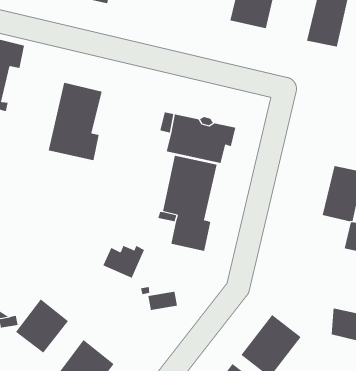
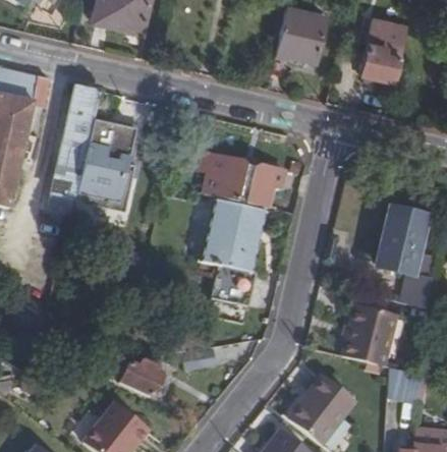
building: none -> [50,83,101,211]
building: [103,245,145,279] -> [121,359,168,396]
building: none -> [344,303,398,365]
building: [15,298,69,353] -> none

